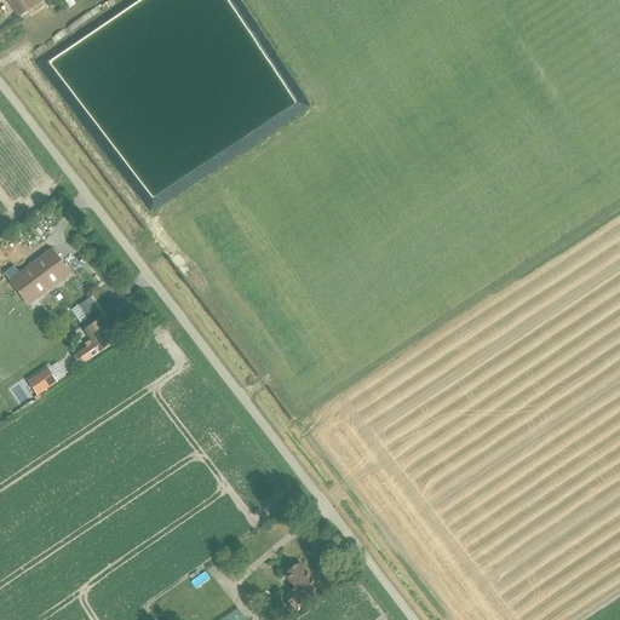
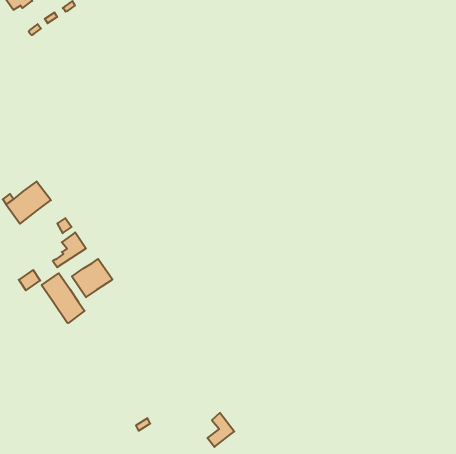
building: none -> [72,259,112,297]
building: none -> [42,273,85,323]

